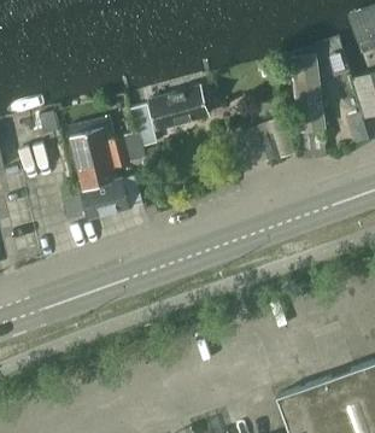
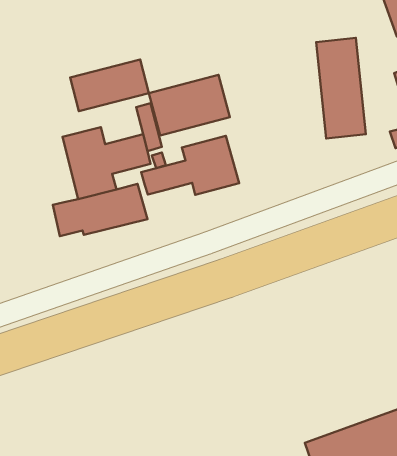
building: none -> [70,59,149,111]
building: none -> [141,136,239,195]

